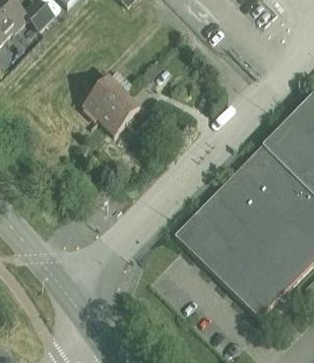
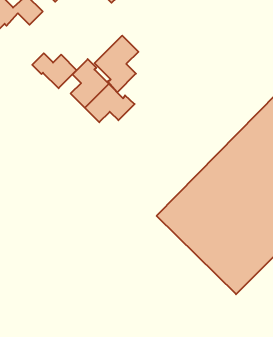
building: none -> [95,36,138,92]
building: none -> [32,53,77,88]

